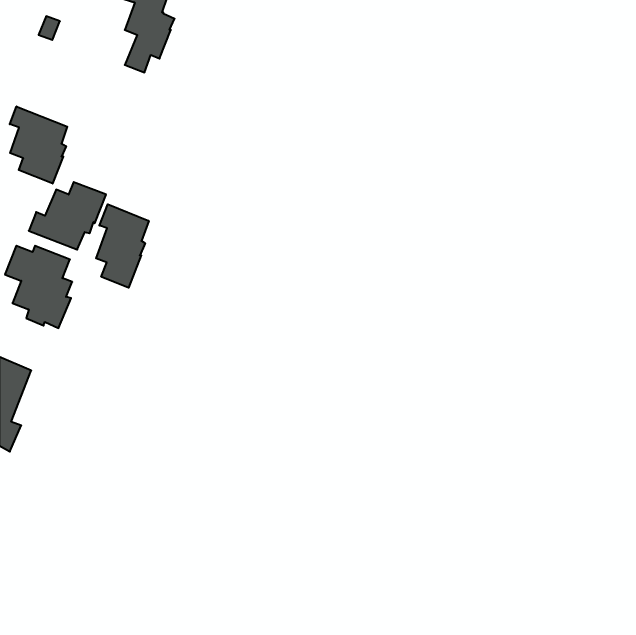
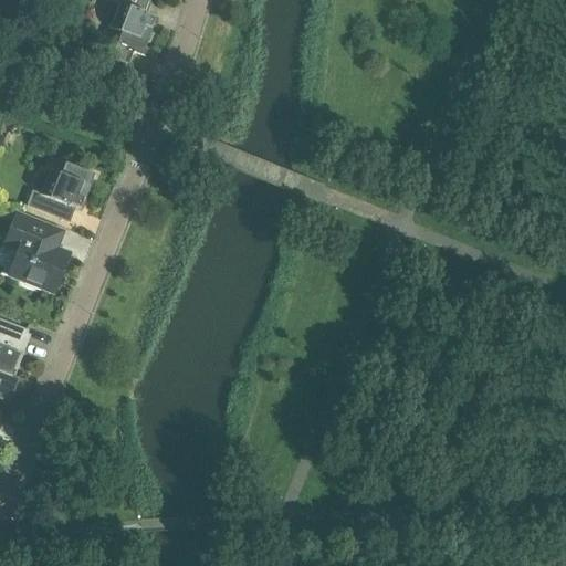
building: [10,106,67,184] -> none
building: [96,204,149,288] -> none

